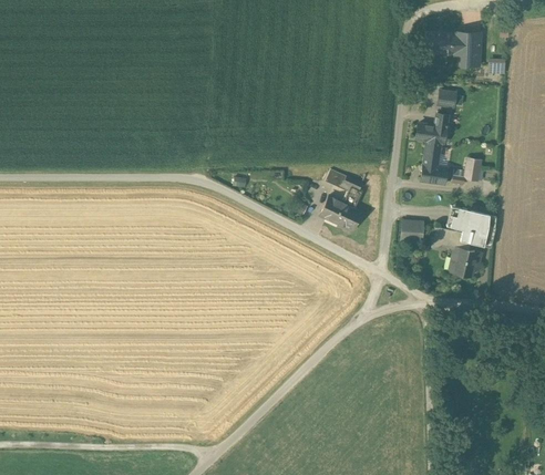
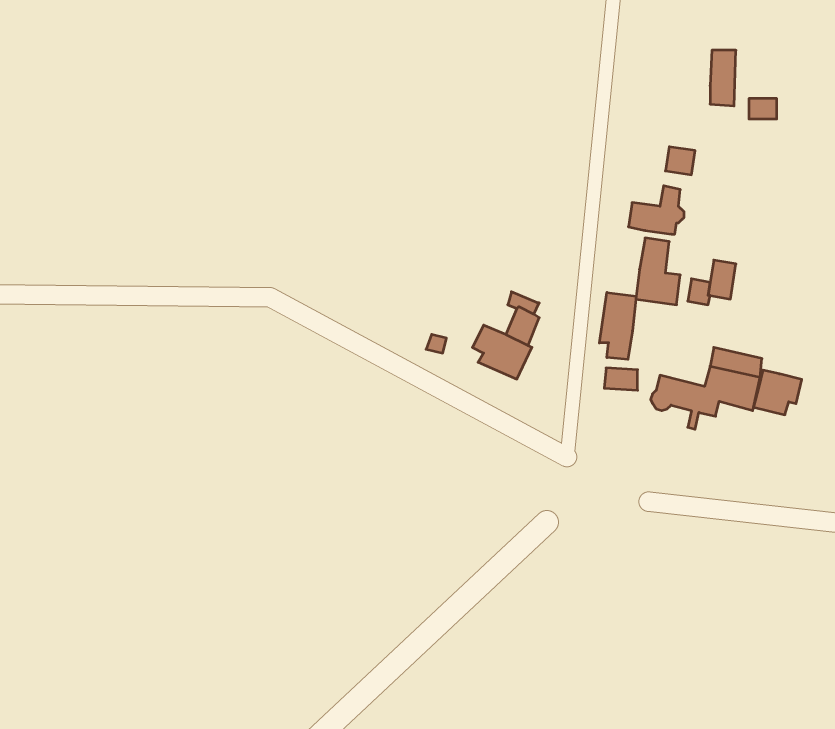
building: [424,31,465,53] -> none
building: none -> [599,292,636,359]
building: [452,248,481,275] -> [753,370,802,415]

